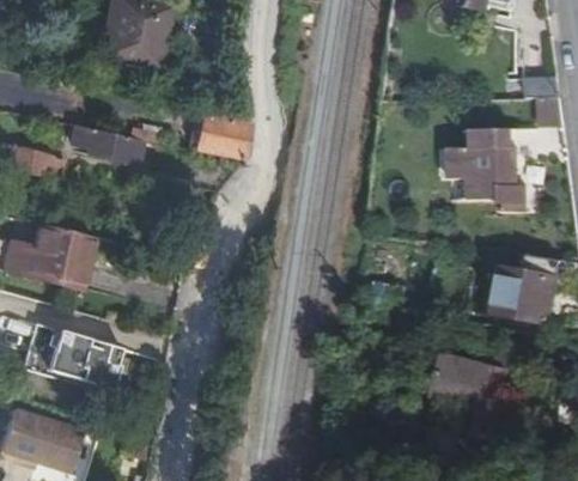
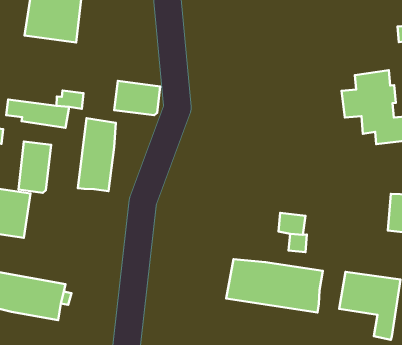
building: none -> [78,118,116,191]
building: none -> [18,141,51,193]
building: none -> [226,259,323,312]

